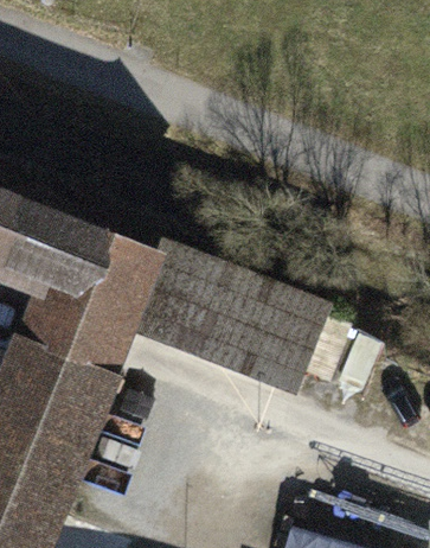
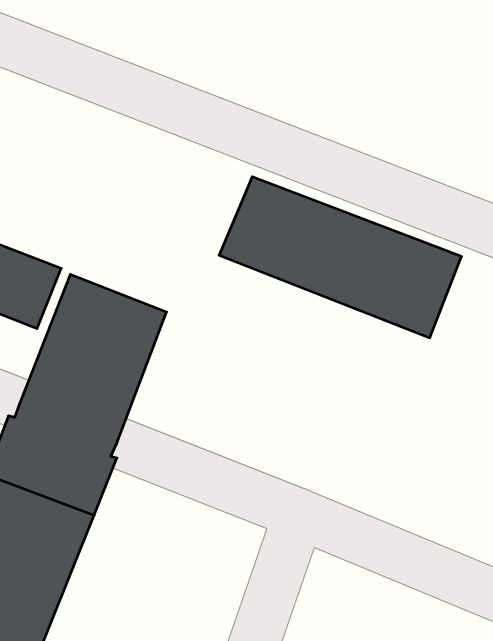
building: [139,247,329,374] -> [219,177,462,338]

